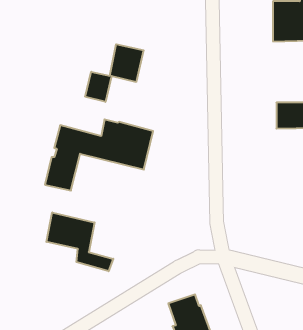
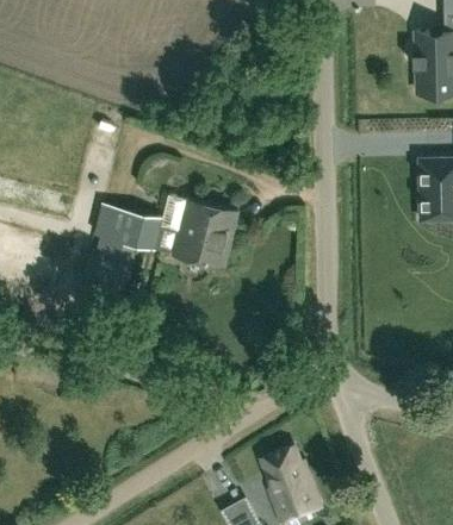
building: [85,44,144,102] -> none
building: [46,212,113,271] -> none

